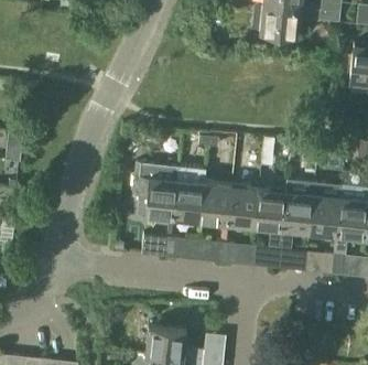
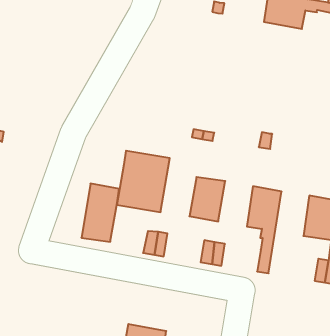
building: [173,167,206,221] -> [81,184,119,242]
building: [228,185,259,227] -> none
building: [279,192,313,271] -> none

